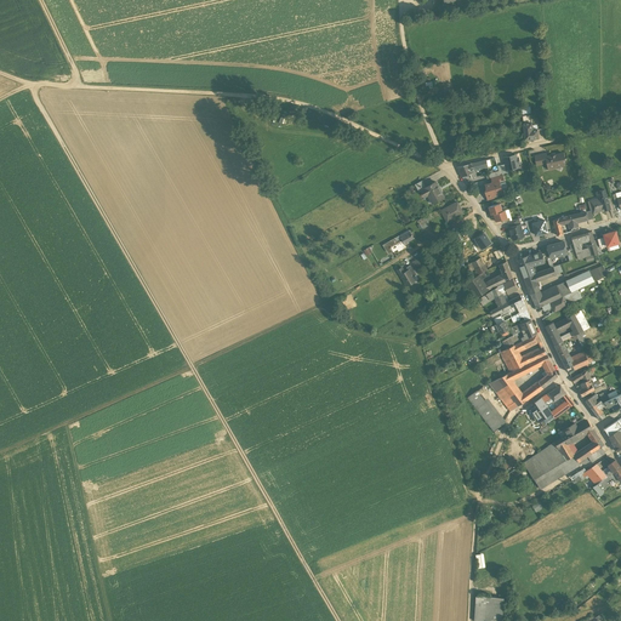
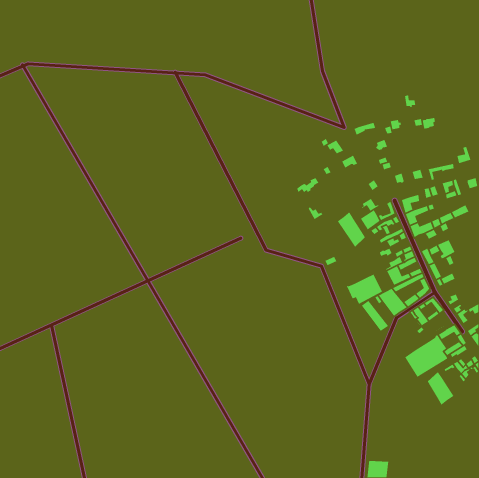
building: none -> [337,211,366,248]
building: none -> [346,273,383,305]
building: none -> [427,371,454,406]

